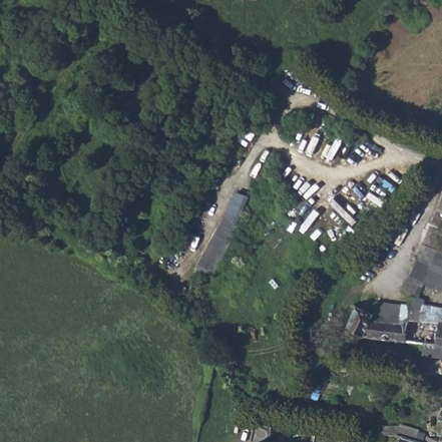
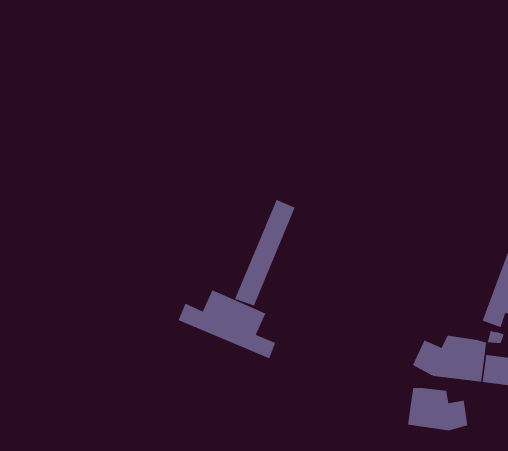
building: none -> [178,289,276,359]
building: none -> [408,387,468,431]

